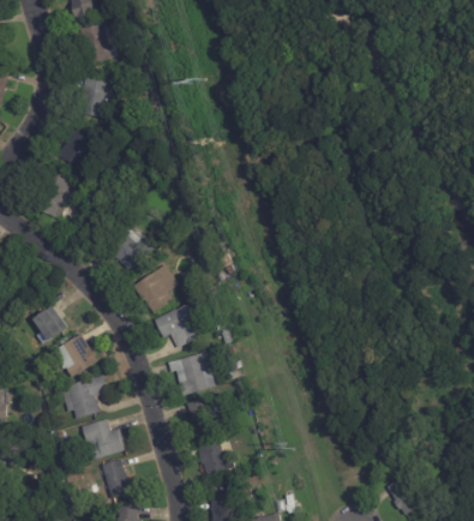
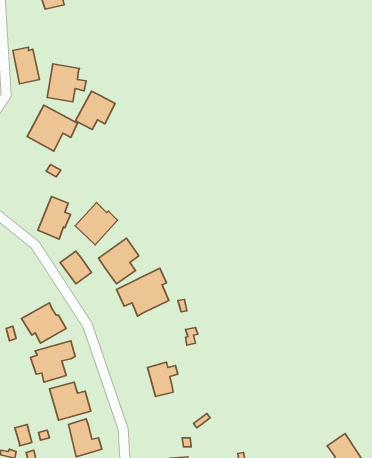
building: [86,22,115,61] -> [13,47,40,84]
building: none -> [75,91,115,129]
building: [37,173,72,218] -> [38,197,70,239]
building: [34,306,67,341] -> [60,251,92,284]
building: [167,352,215,395] -> none
building: [197,439,234,478] -> none

